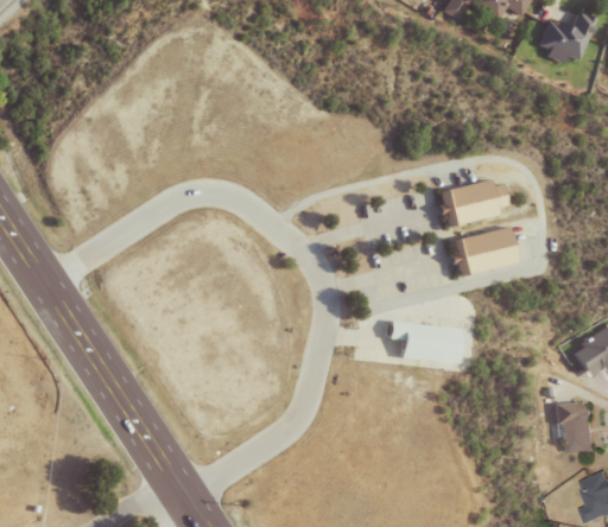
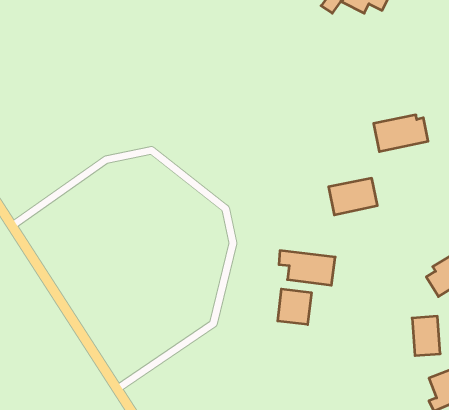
building: [539,11,594,59] -> none
building: [437,179,506,226] -> [374,115,428,152]
building: none -> [278,289,311,325]

